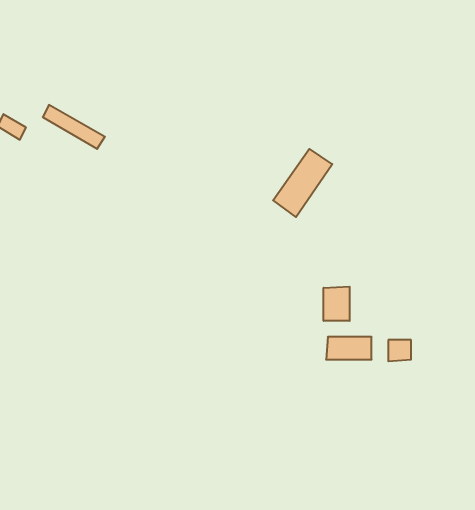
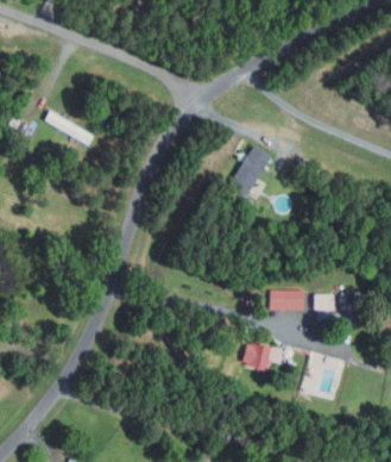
building: [324,287,350,321] -> none
building: none -> [245,342,280,372]

